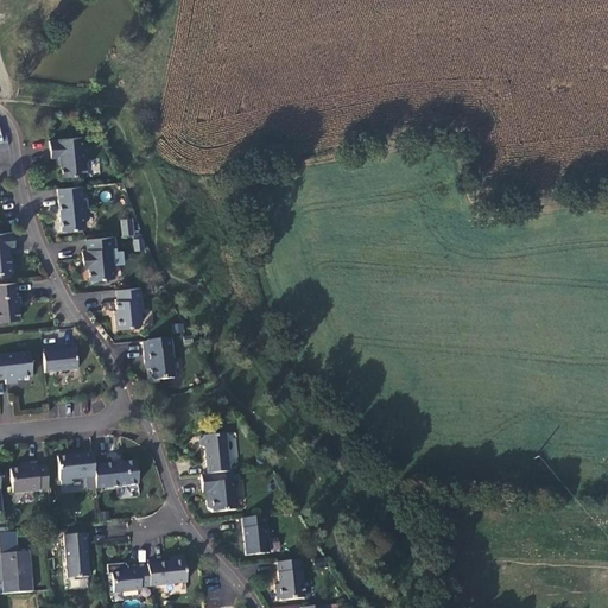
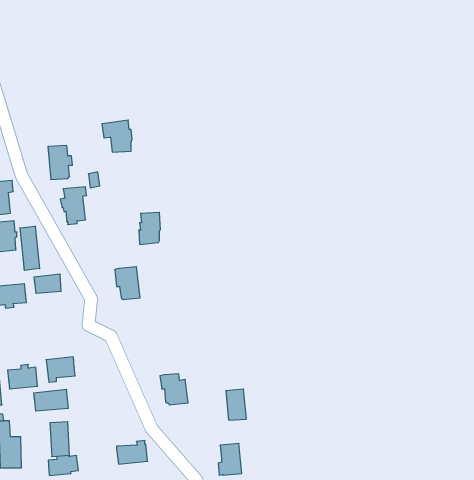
building: [53,133,91,173] -> [102,120,132,152]
building: none -> [20,226,40,270]
building: [115,286,142,327] -> [139,212,160,244]
building: [200,433,230,474] -> none
building: [94,460,138,487] -> [34,389,68,411]
building: [245,515,271,555] -> [226,389,246,420]
building: [112,568,150,593] -> [48,456,78,475]

